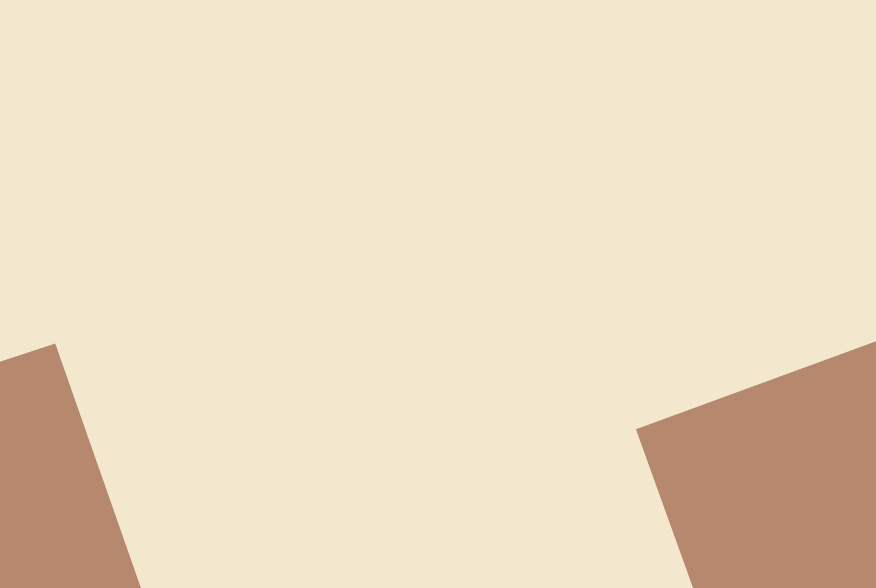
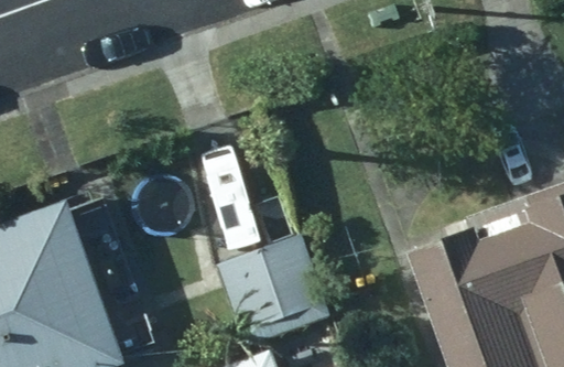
building: none -> [225,233,336,342]

